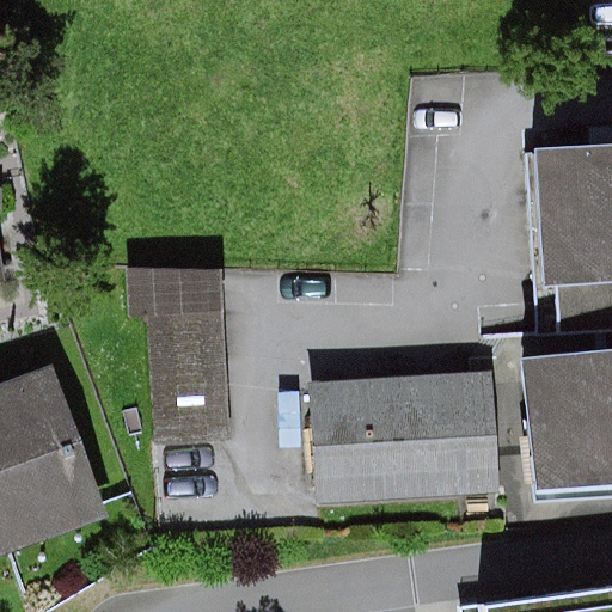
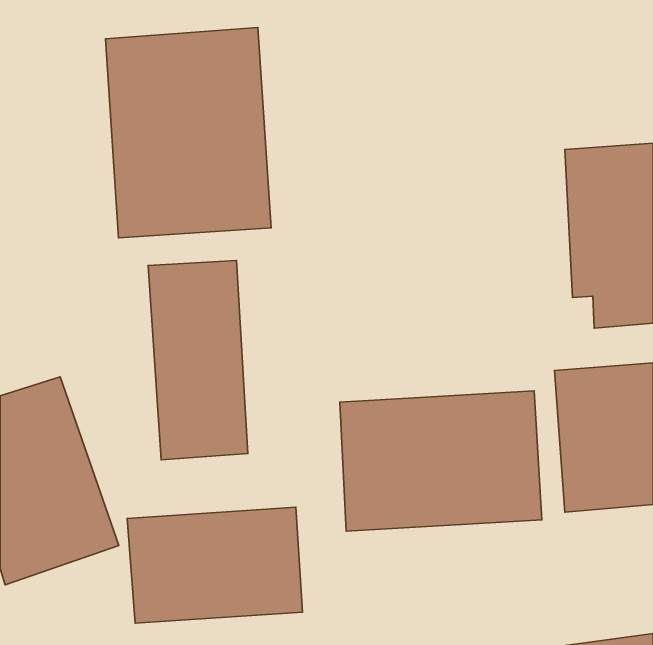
building: none -> [106,28,271,238]
building: none -> [127,507,303,623]

